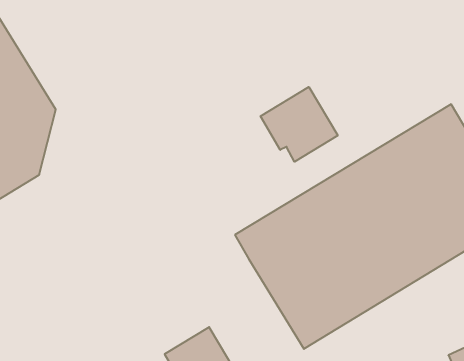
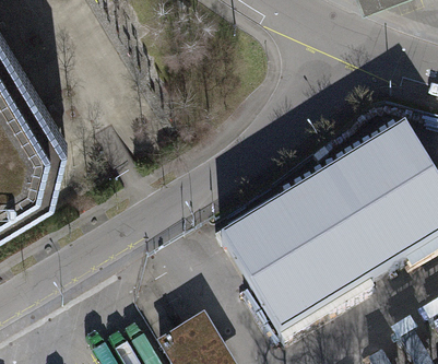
building: [261,87,338,162] -> none

